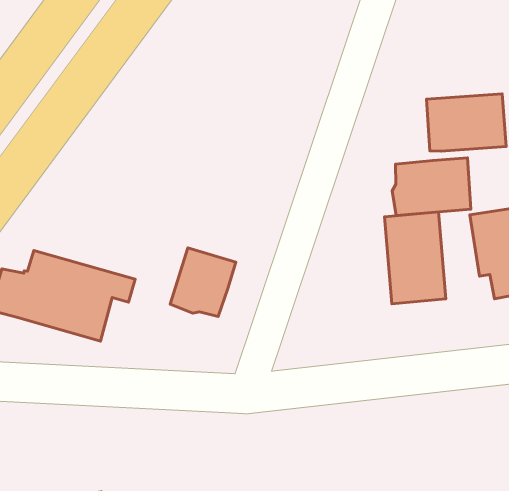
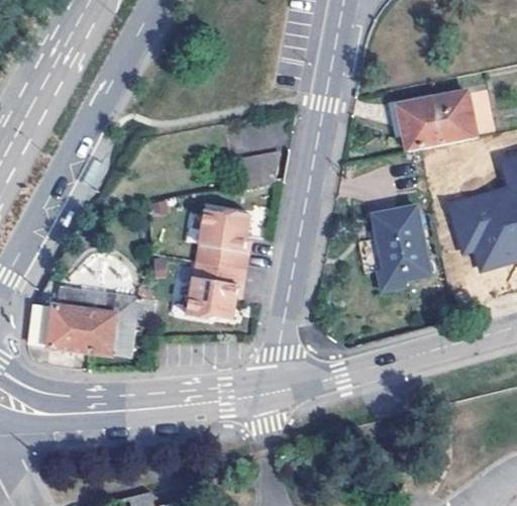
building: none -> [232,154,281,190]
building: [392,158,471,215] -> none
building: none -> [198,213,252,272]

